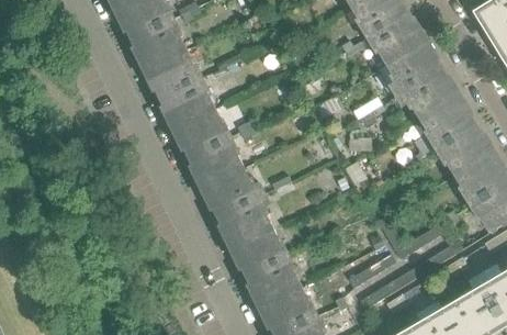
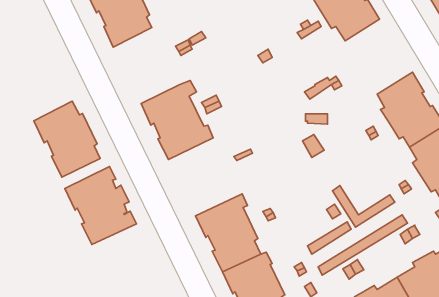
building: [387,40,459,119] -> none
building: [143,48,213,129] -> [34,101,100,177]
building: [201,165,277,247] -> [65,167,137,245]

